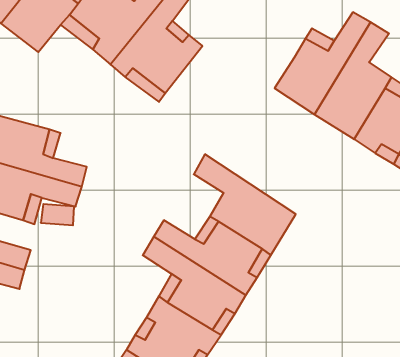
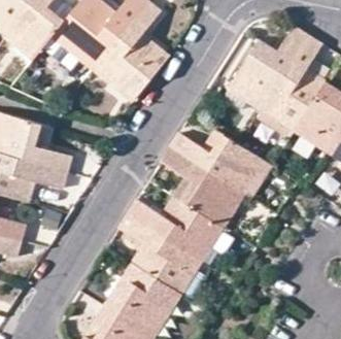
building: none -> [171,128,272,197]

